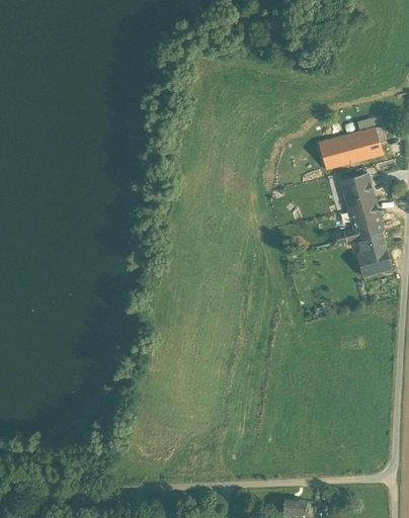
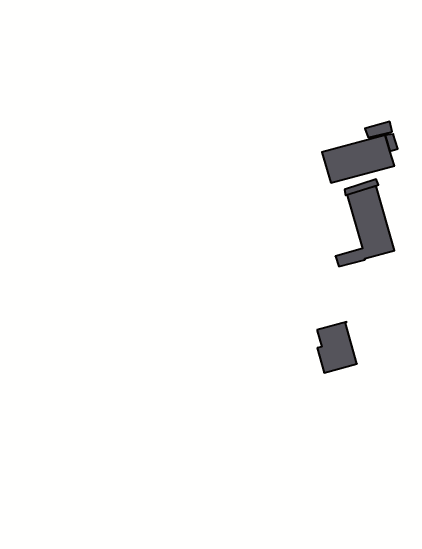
building: [356,232,392,277] -> [317,322,357,373]

